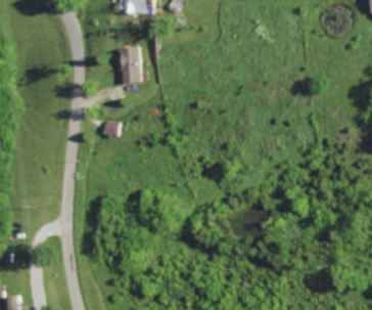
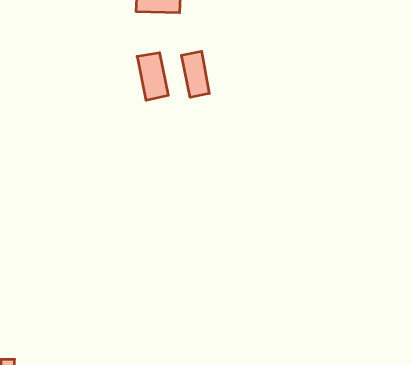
building: none -> [181,51,209,97]

